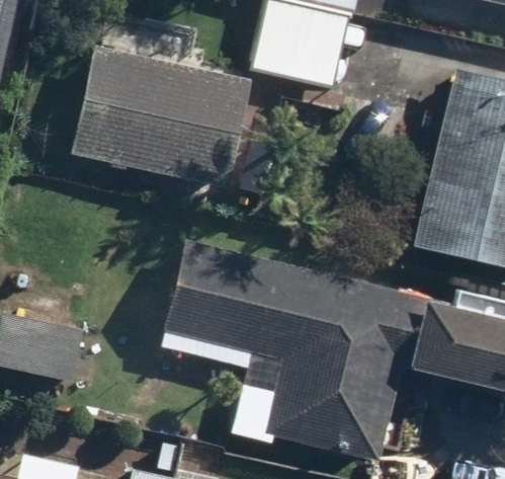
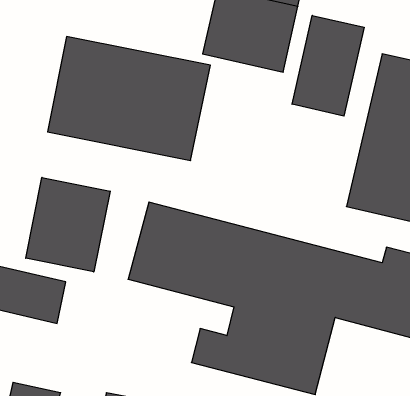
building: none -> [292,15,364,116]
building: none -> [26,177,110,272]

